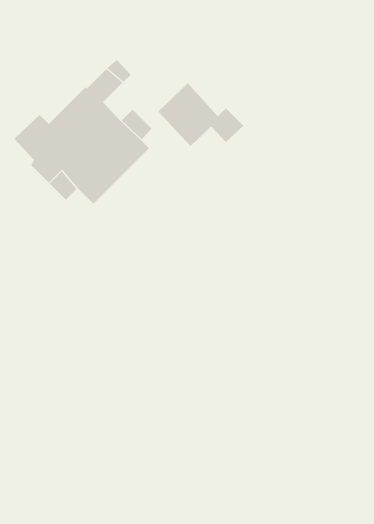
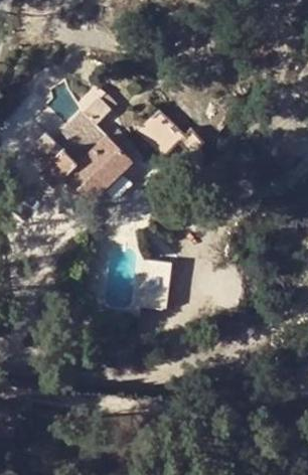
building: none -> [134,260,171,308]

